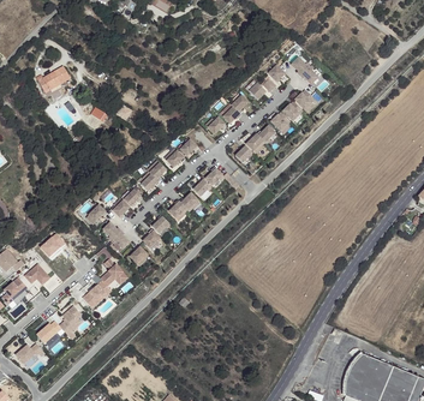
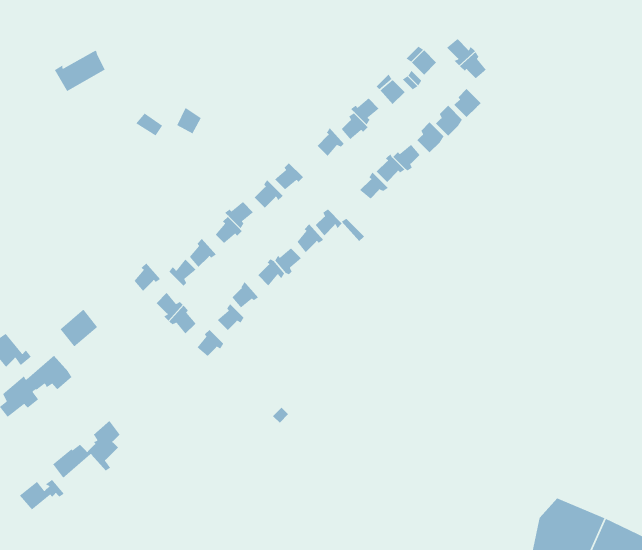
building: [82,259,127,305] -> none

